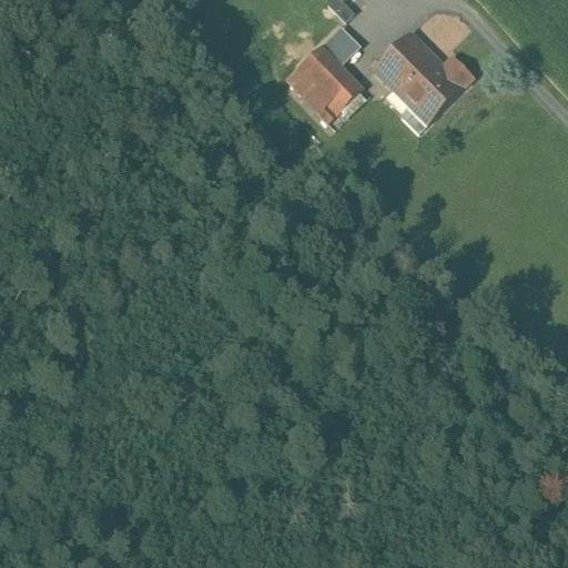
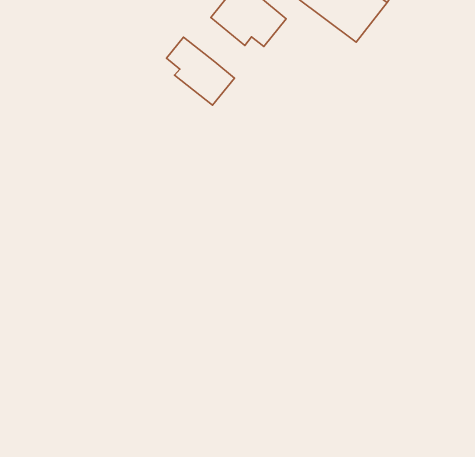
building: none -> [167,37,235,105]

